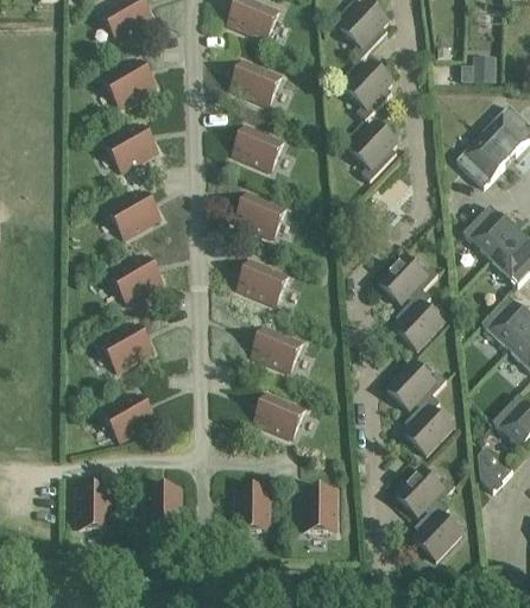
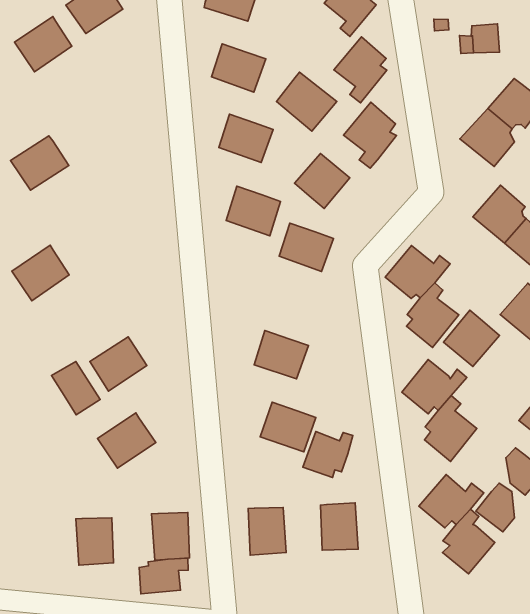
building: [103,57,156,107] -> [15,16,72,72]
building: none -> [277,72,337,131]
building: [105,122,158,171] -> [10,136,69,190]
building: none -> [295,154,350,209]
building: [108,189,160,238] -> none
building: [111,253,163,303] -> [12,245,69,301]
building: [238,258,289,304] -> [279,223,334,272]
building: none -> [443,310,500,366]
building: none -> [52,362,100,415]
building: none -> [303,432,353,478]
building: none -> [476,483,515,532]
building: none -> [139,558,188,594]

